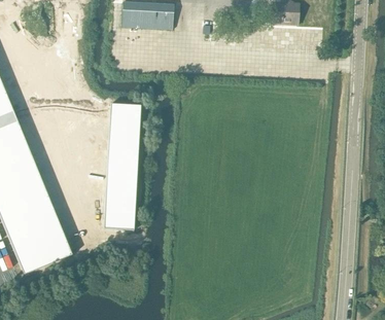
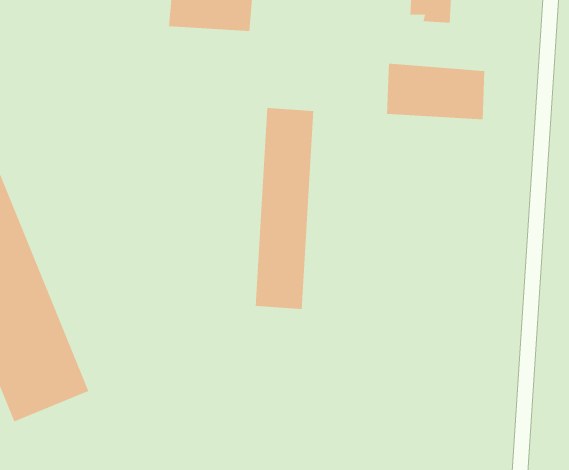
building: none -> [386,63,485,120]
building: [104,103,141,229] -> [255,108,314,310]

